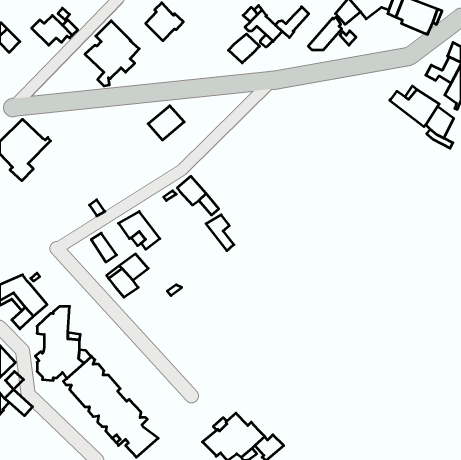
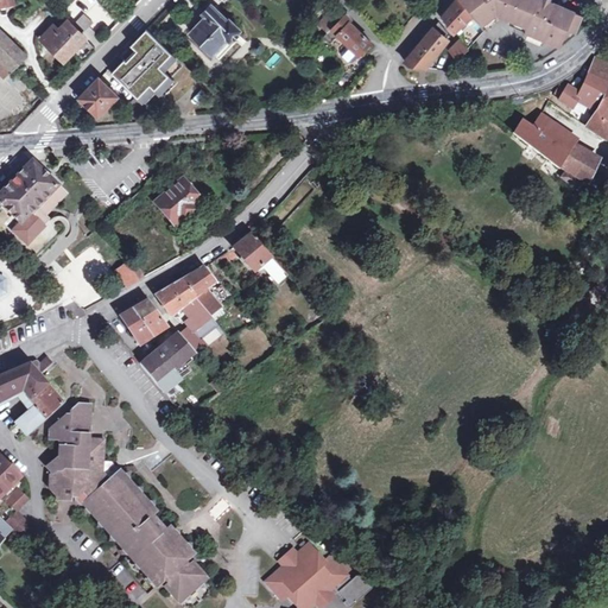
building: [275,7,309,38] -> none
building: [228,34,260,63] -> none
building: none -> [78,77,118,115]
building: [148,106,184,140] -> [154,178,202,223]
building: [206,215,234,251] -> [183,266,220,314]
building: none -> [133,298,167,335]

